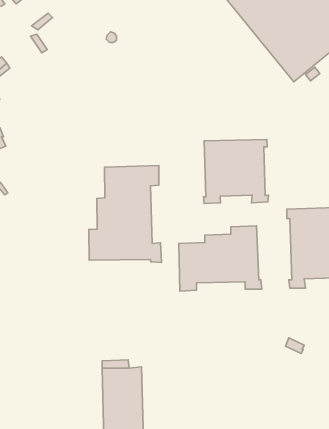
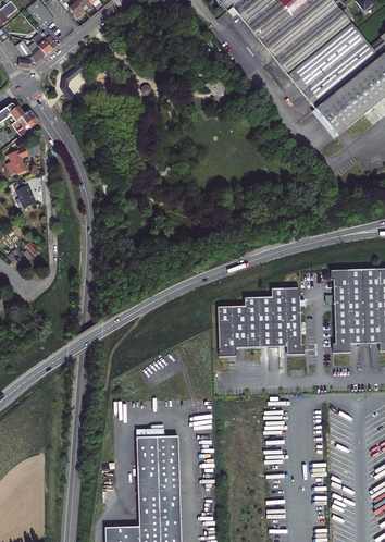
building: [204,139,269,204] -> none
building: [89,166,161,263] -> none

